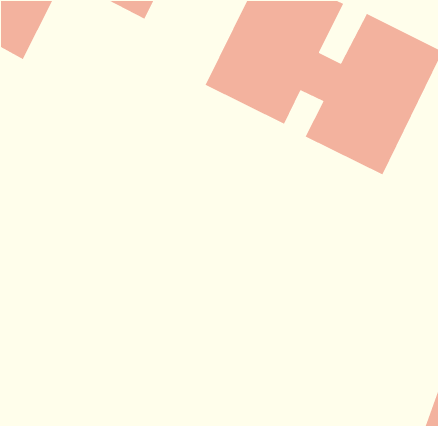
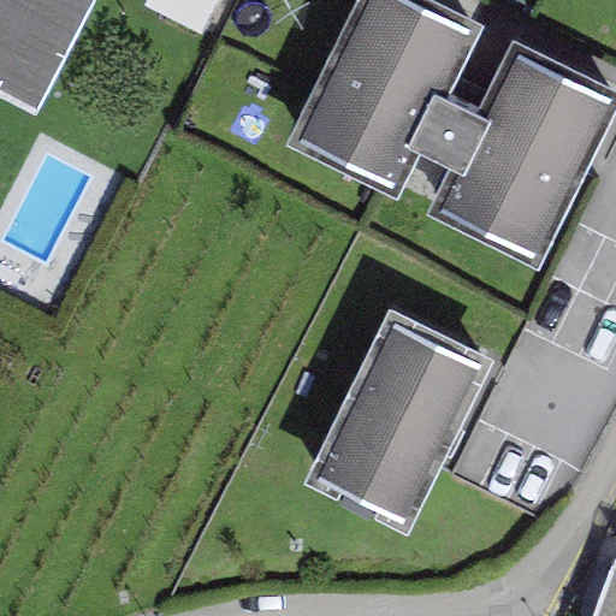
building: none -> [307,307,493,528]

